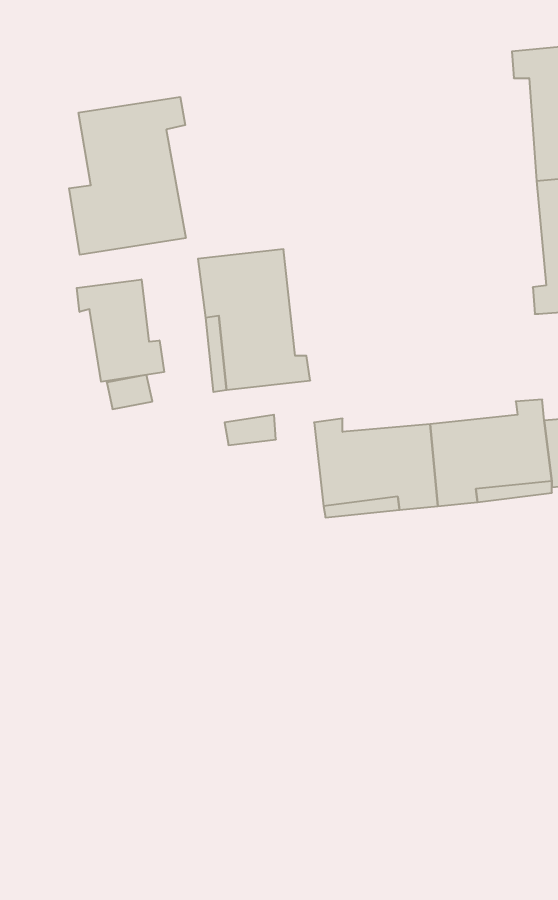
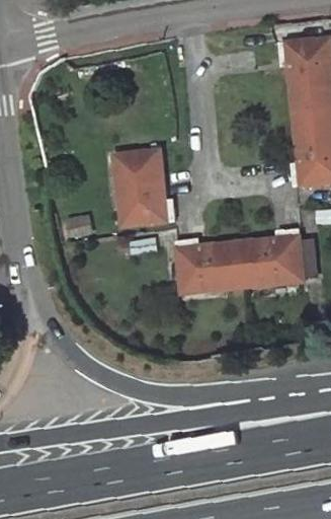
building: [69,97,186,255] -> none
building: [77,279,164,382] -> none

